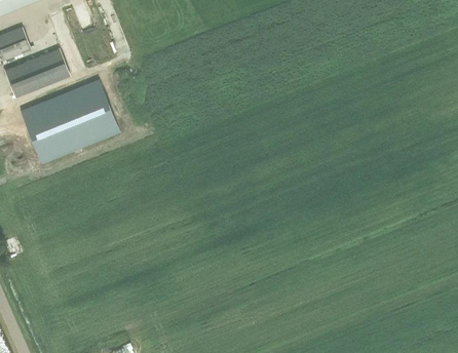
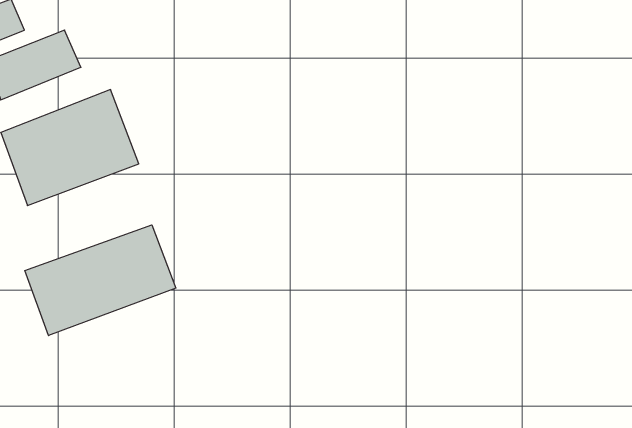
building: none -> [25,225,176,336]

